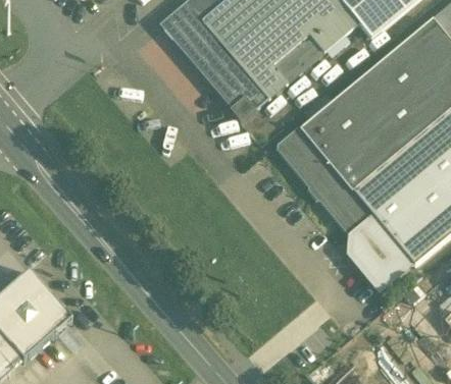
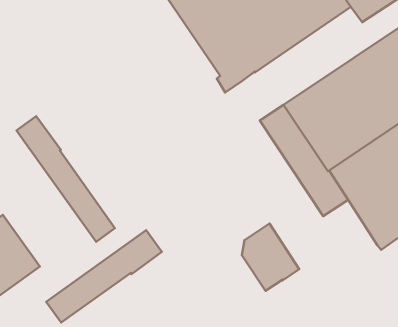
building: none -> [17,116,115,242]
building: [351,217,410,285] -> [242,224,299,291]
building: none -> [46,230,162,323]

